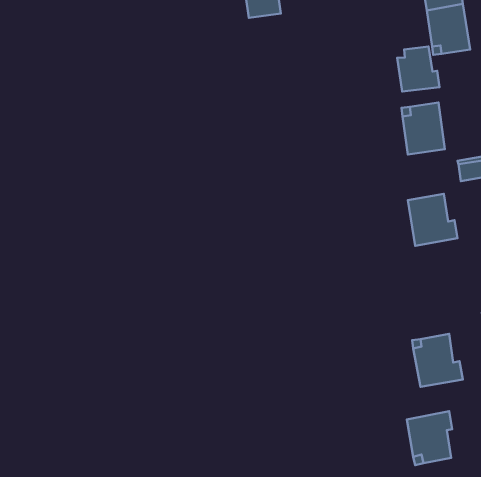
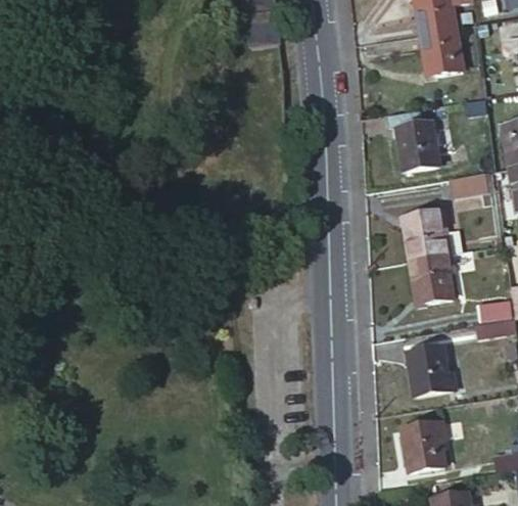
building: [397,46,440,92] -> none
building: none -> [410,251,454,303]

